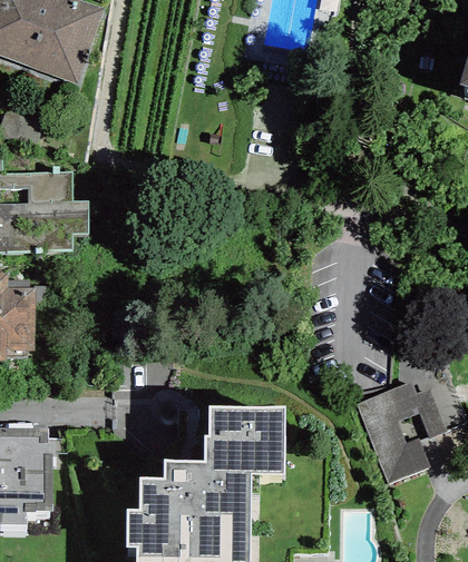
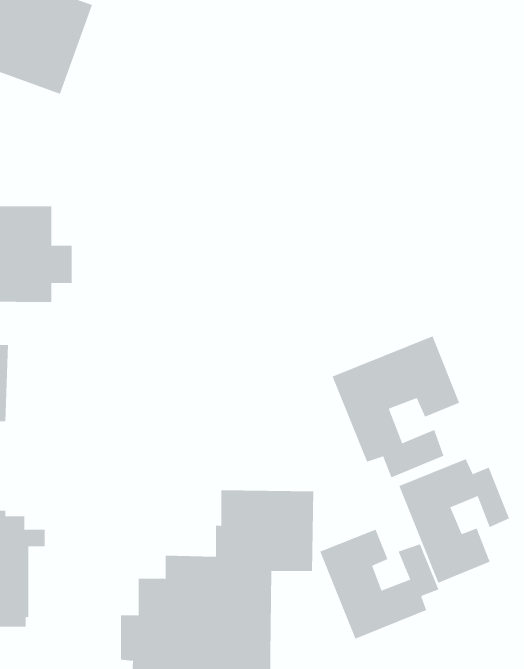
building: none -> [332,335,460,478]
building: none -> [320,529,439,640]

